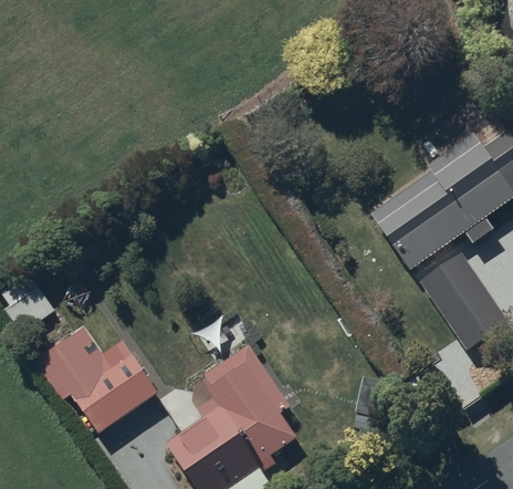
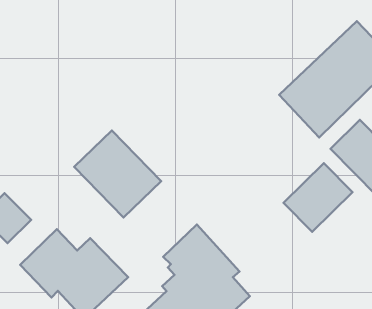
building: none -> [74,130,161,218]
building: none -> [283,163,352,232]

